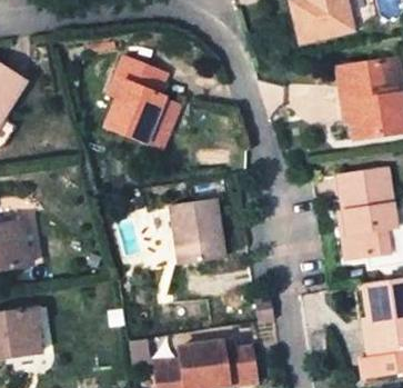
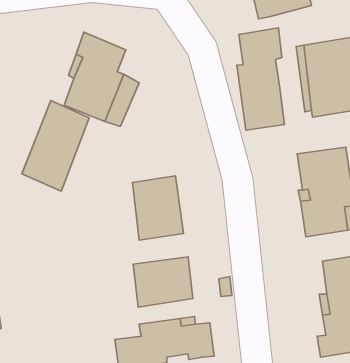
building: none -> [237,28,284,130]
building: none -> [22,101,89,191]
building: none -> [133,257,193,307]

